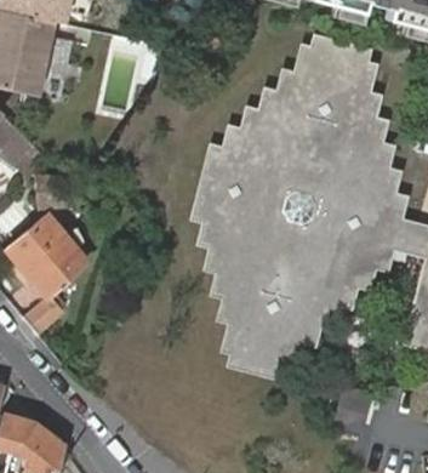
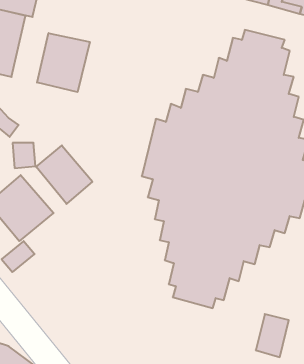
building: none -> [37,33,90,92]
building: none -> [36,145,92,204]

